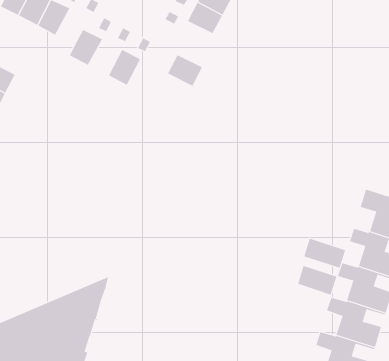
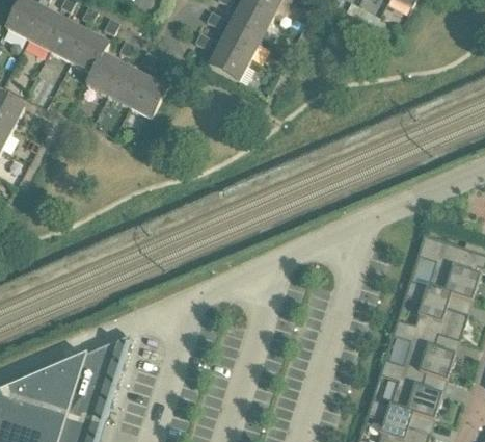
building: none -> [69,28,108,70]
building: none -> [106,63,144,105]
building: [167,55,203,86] -> [208,43,248,79]
building: [303,238,346,269] -> none
building: [297,265,337,295] -> none

